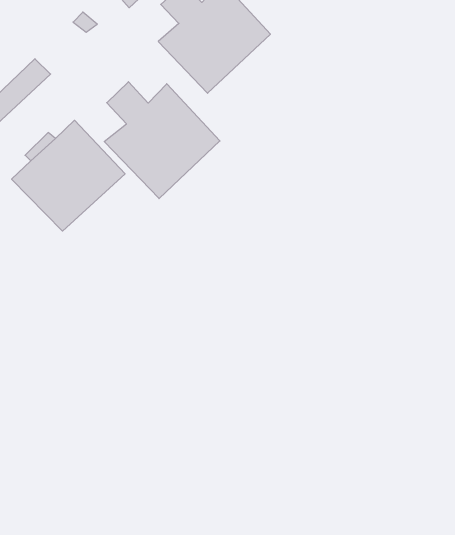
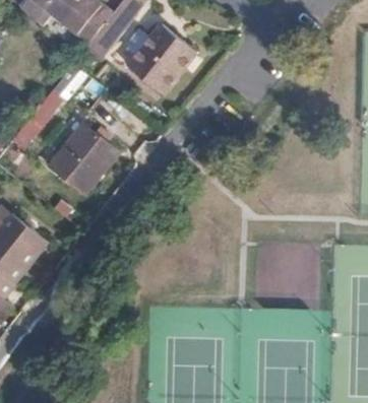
building: [104,82,220,199] -> none

